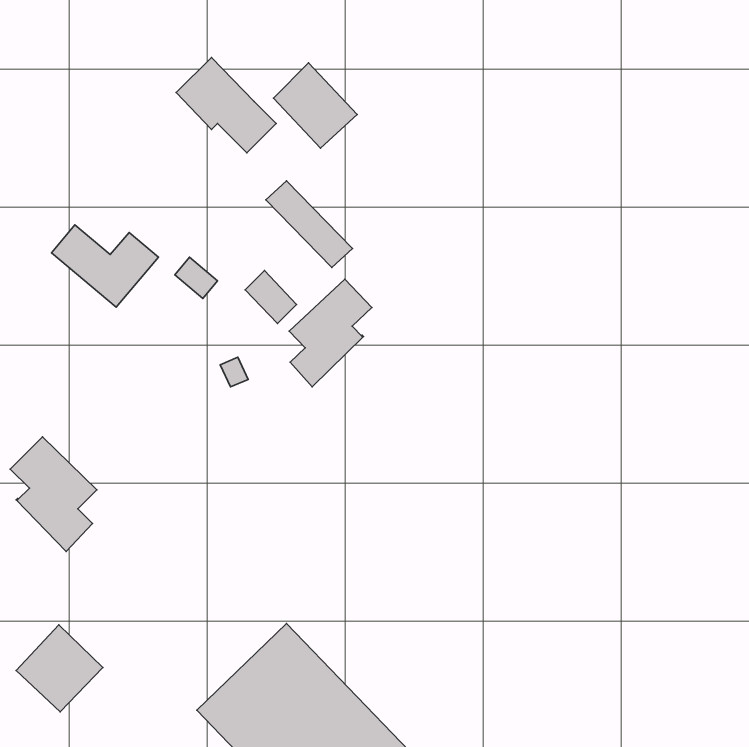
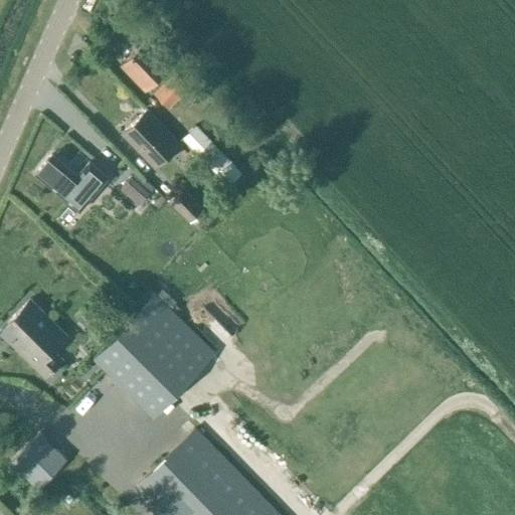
building: [273,63,357,148] -> [123,112,180,170]
building: [289,279,372,387] -> none
building: none -> [95,297,216,418]

